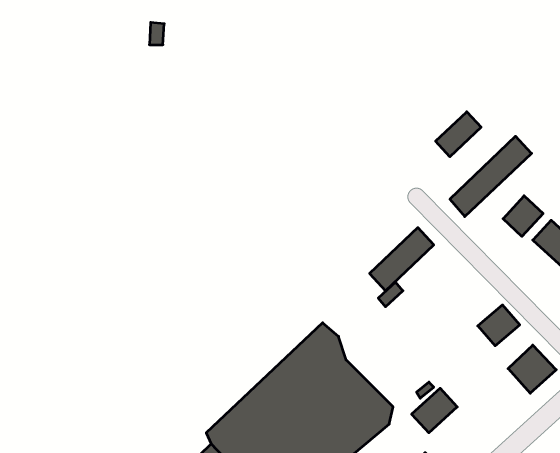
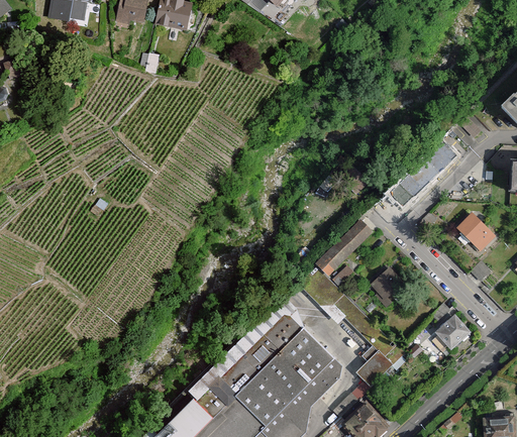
building: [436,112,481,157] -> none
building: [503,196,543,236] -> none
building: [478,305,520,346] -> [368,265,402,299]

